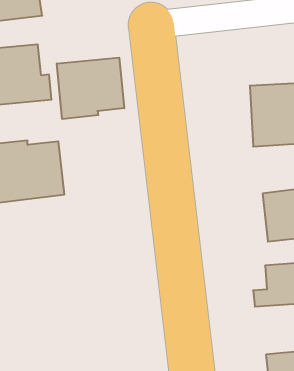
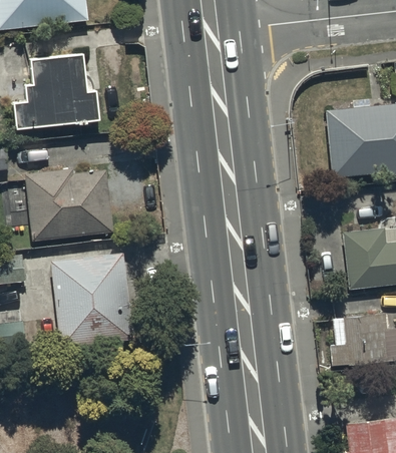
building: [57,58,124,119] -> none
building: none -> [47,256,130,349]

